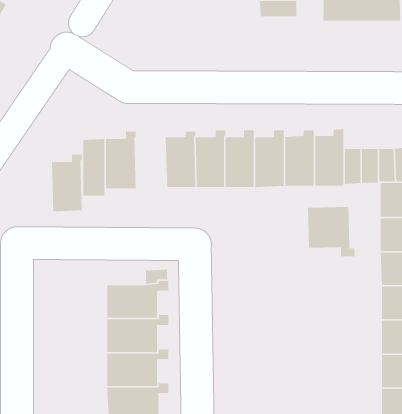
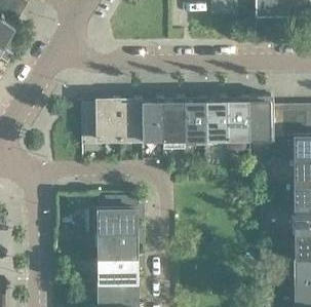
building: [51,154,82,212] -> [117,100,140,142]
building: [307,206,355,257] -> none

